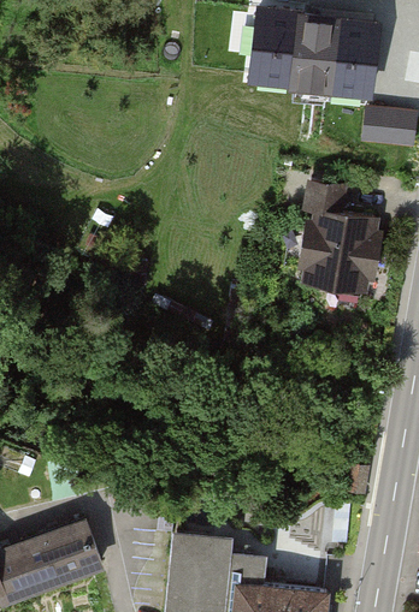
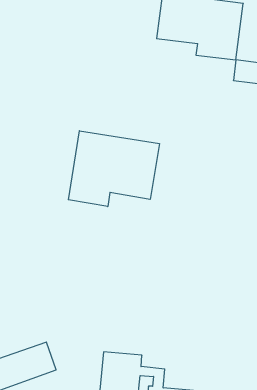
building: [303,176,374,283] -> none
building: none -> [68,131,159,207]

